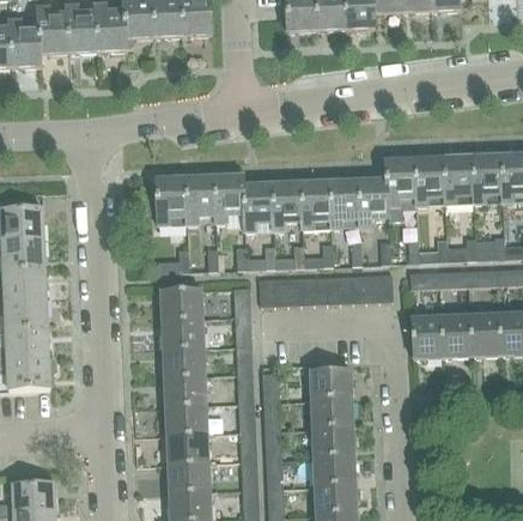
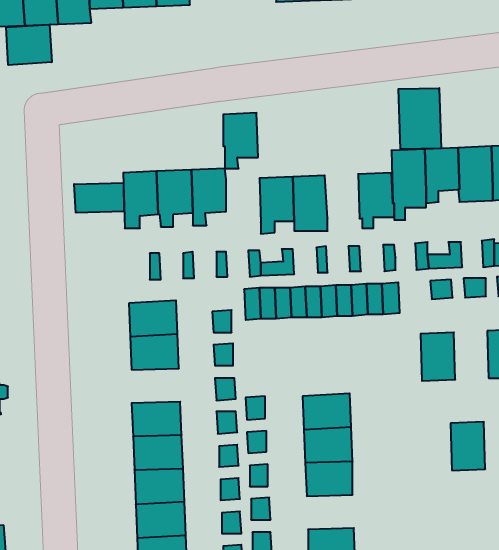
building: none -> [6,24,52,65]
building: none -> [398,88,441,149]
building: [329,180,359,229] -> none
building: [244,183,274,231] -> [223,113,258,169]
building: none -> [74,183,124,213]
building: [440,315,470,357] -> [451,422,485,470]
building: [163,347,205,377] -> none
building: [314,456,354,486] -> none

